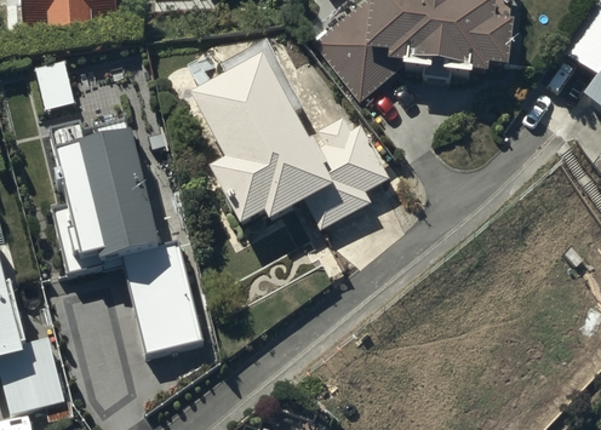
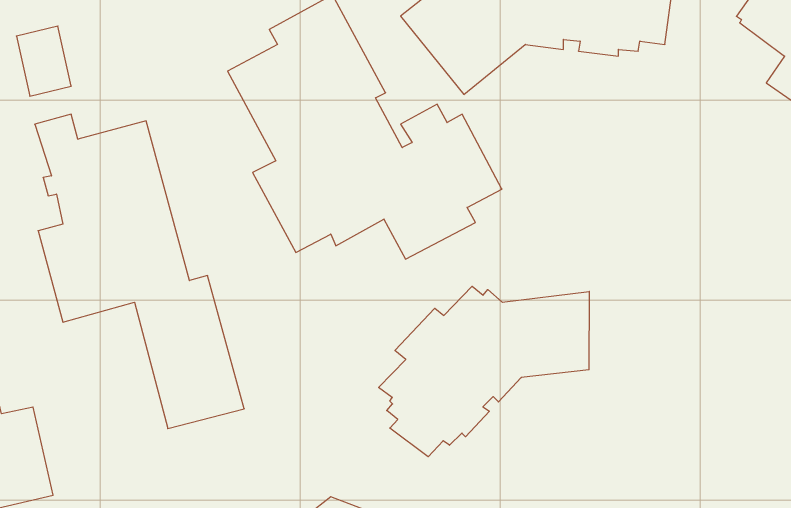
building: none -> [379,286,589,457]

